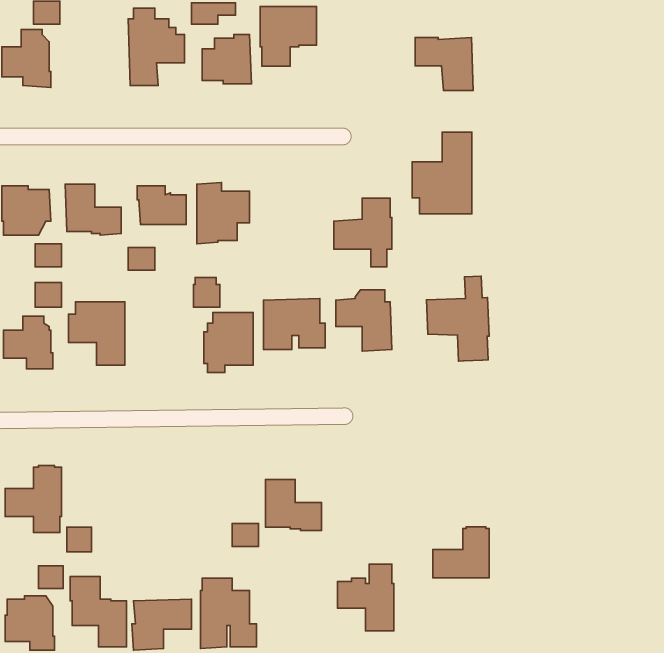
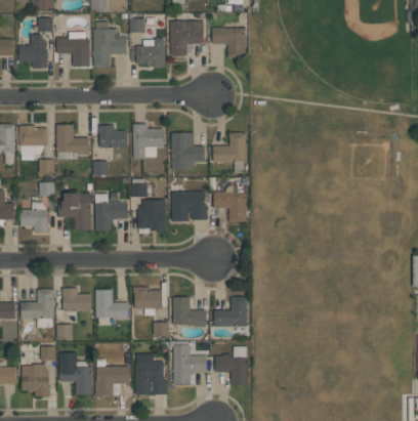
building: none -> [56,31,90,66]
building: [415,38,473,90] -> [212,27,246,57]
building: [412,132,472,214] -> none
building: none -> [172,132,205,169]
building: [426,276,489,361] -> none
building: none -> [95,193,128,230]
building: none -> [62,287,91,310]
building: none -> [133,287,162,314]
building: none -> [95,289,128,325]
building: [433,527,489,578] -> [214,296,247,326]
building: none -> [173,343,207,385]

